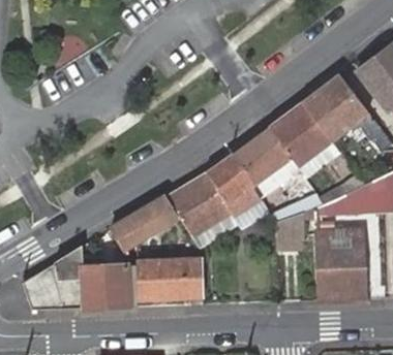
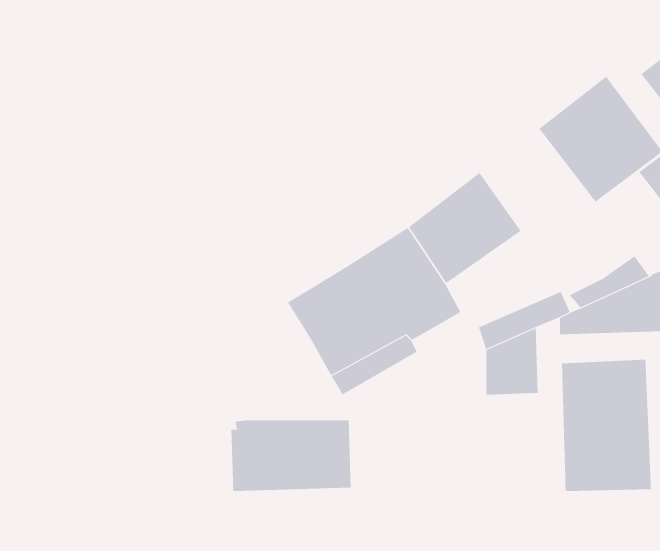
building: [272,101,335,166] -> none
building: [113,196,180,250] -> none
building: [23,248,138,309] -> none

